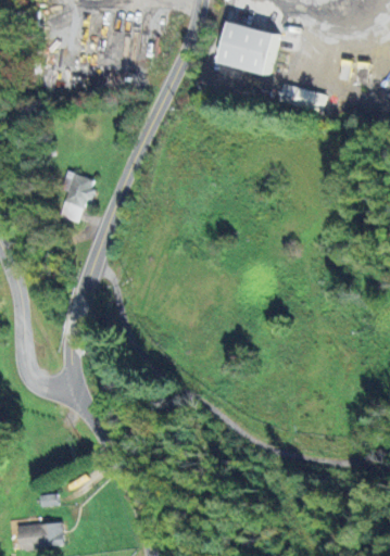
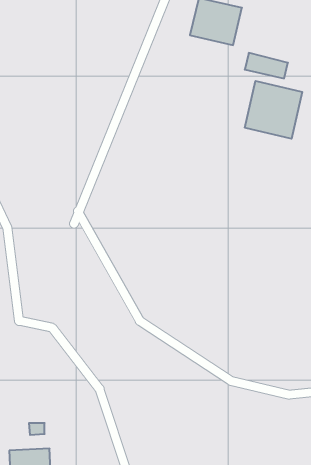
building: none -> [245,81,302,139]
building: [60,172,96,223] -> none

